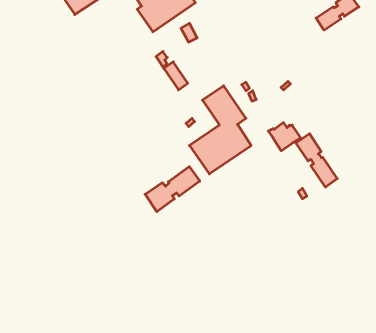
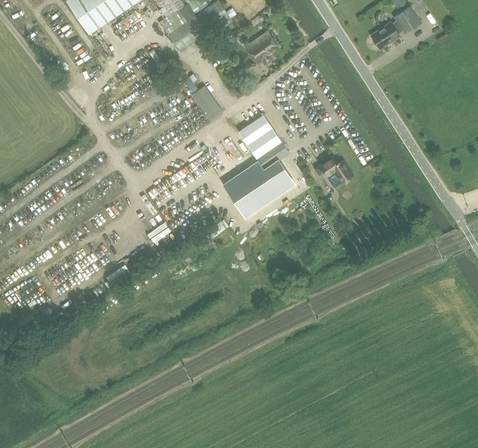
building: none -> [246,33,279,65]
building: [296,134,337,187] -> none
building: [145,167,200,212] -> none

